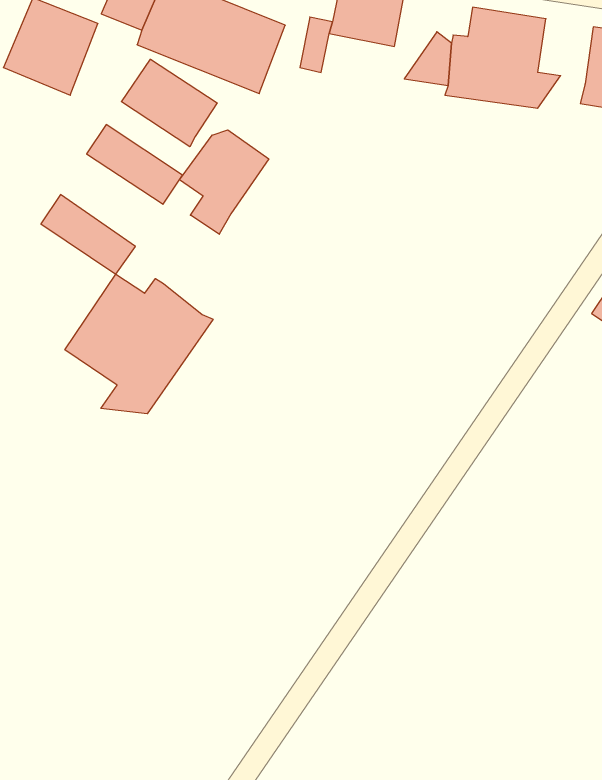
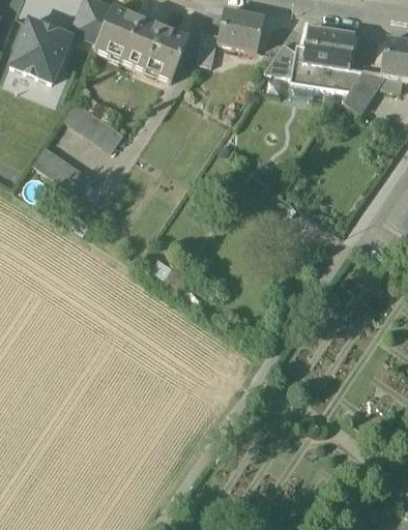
building: [121,59,217,147] -> none
building: none -> [344,69,380,113]
building: [180,130,269,234] -> none
building: [65,274,213,414] -> none

